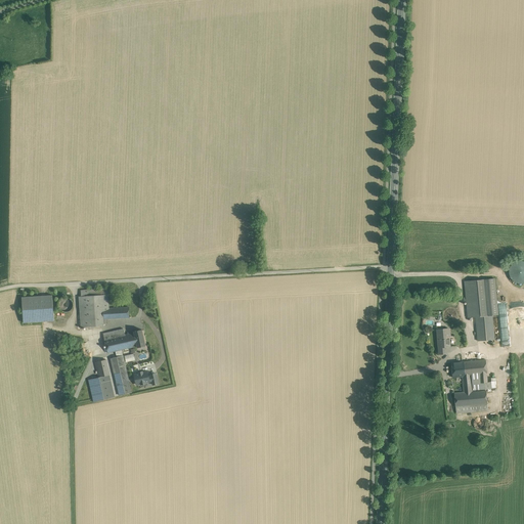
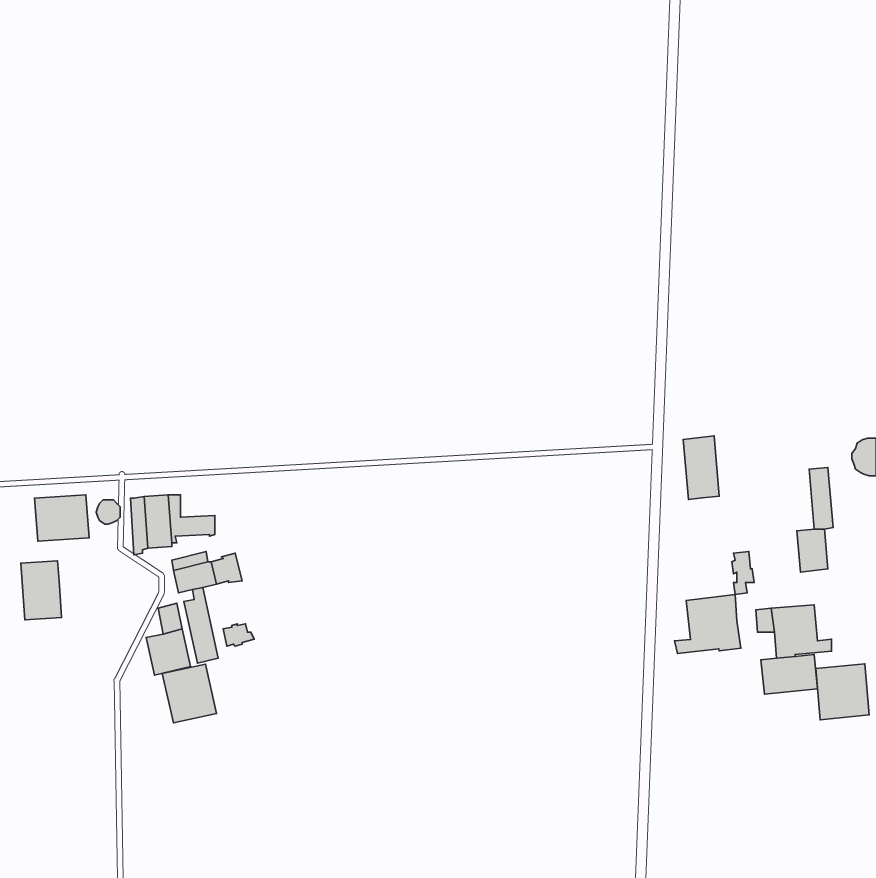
building: [464,279,485,317] -> [683,436,719,500]
building: none -> [21,561,61,620]
building: none -> [675,594,741,654]
building: none -> [816,664,869,720]
building: none -> [162,664,217,723]

